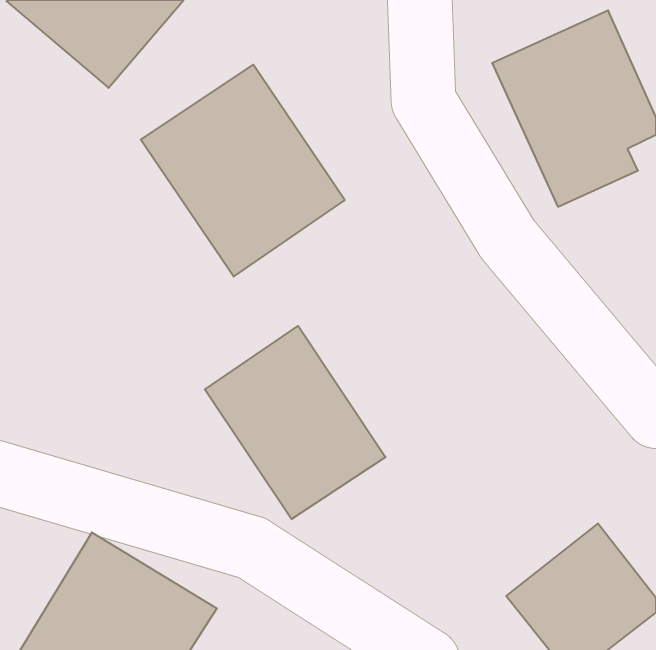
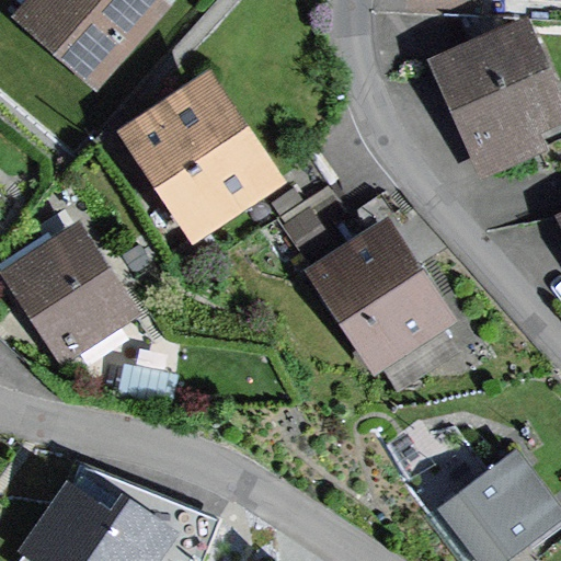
building: none -> [300,209,461,388]
building: none -> [4,220,145,366]
building: [205,326,386,519] -> none

